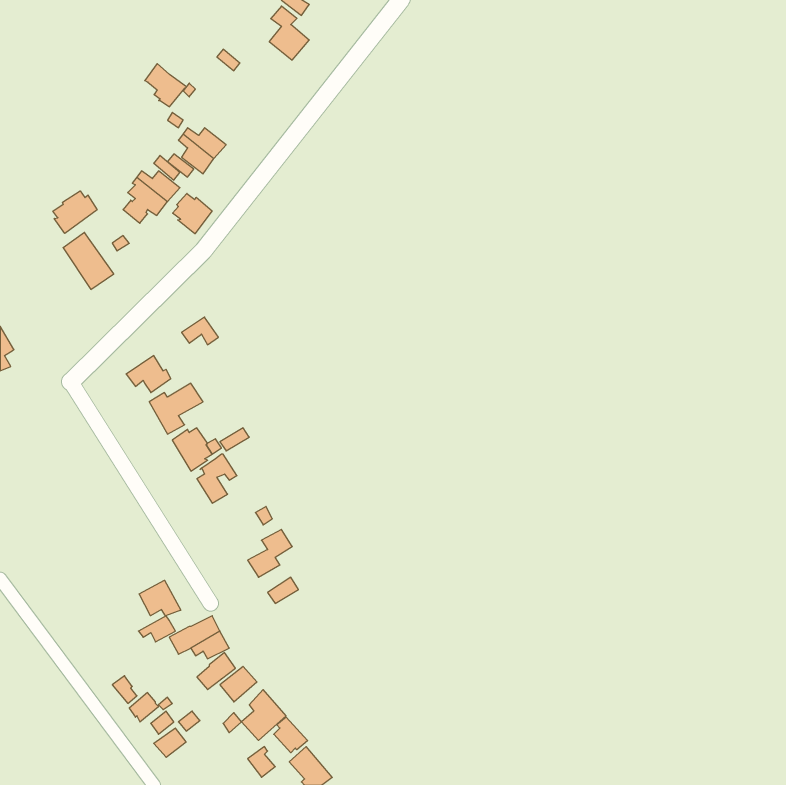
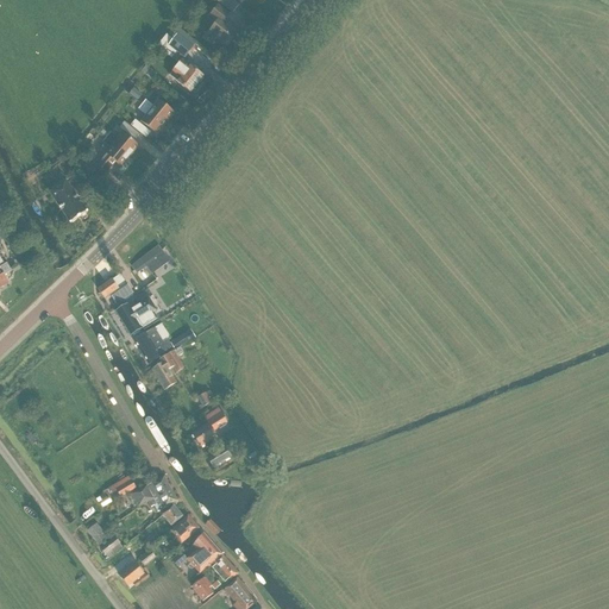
building: [145,64,186,107] -> [171,58,203,92]
building: [53,191,97,233] -> none
building: [173,193,212,234] -> none
building: [139,580,181,616] -> none

